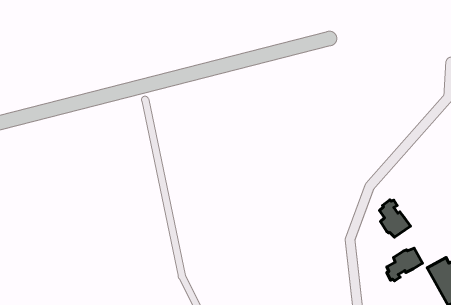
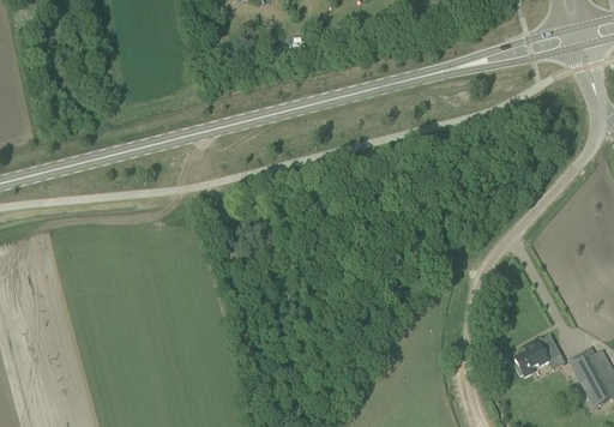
building: [379,200,410,237] -> none

